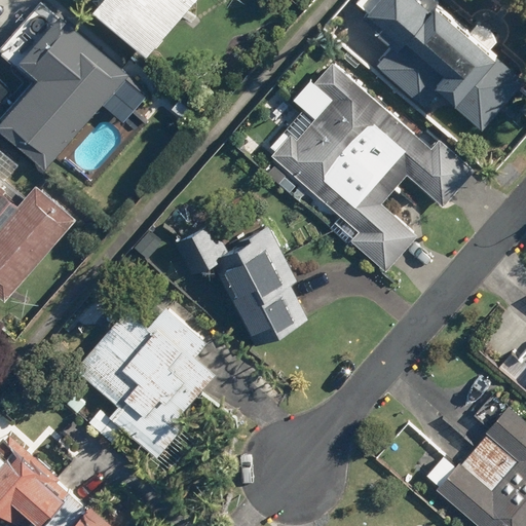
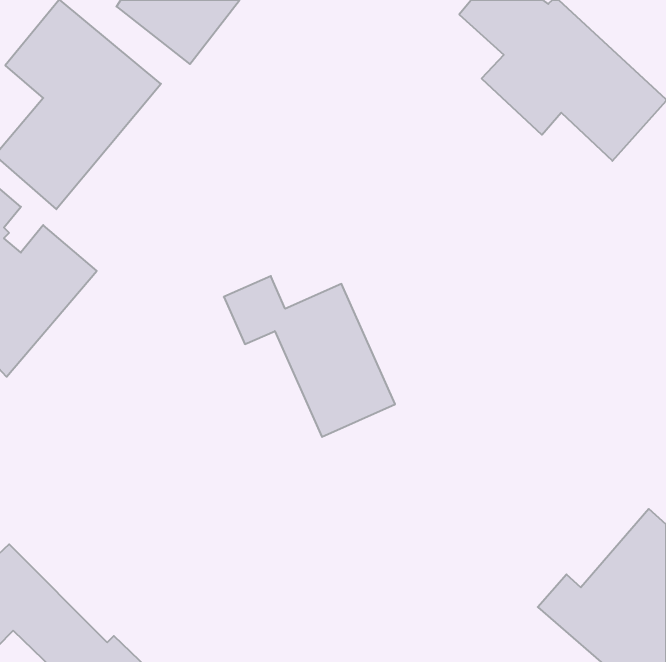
building: [270,62,475,273] -> none
building: [74,307,214,458] -> none

